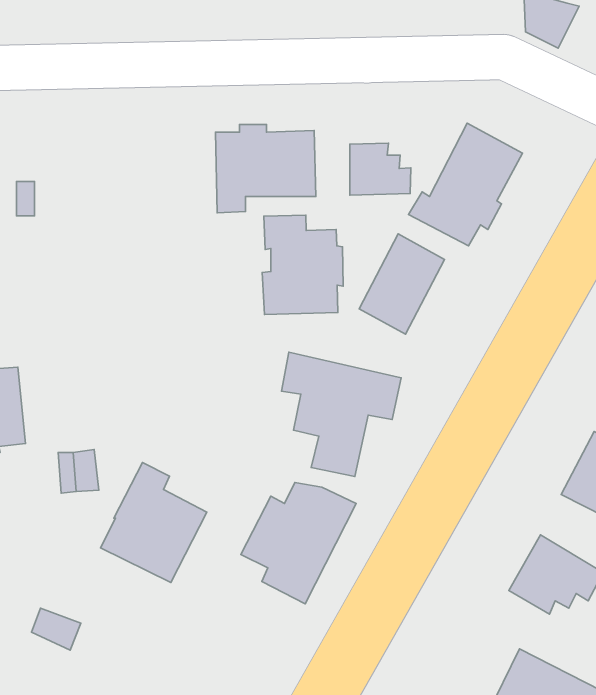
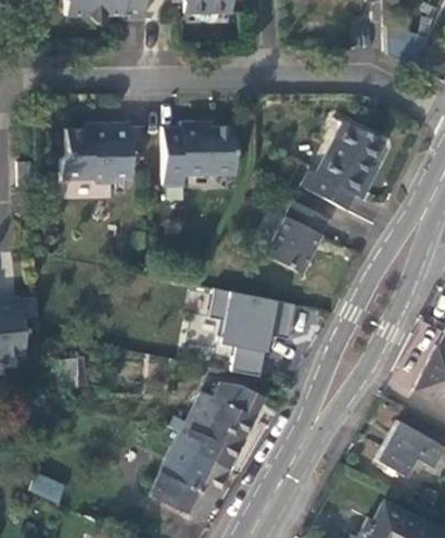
building: none -> [62,122,131,183]
building: [350,143,411,195] -> none
building: [262,215,343,315] -> none
building: [101,463,207,582] -> [151,433,228,520]

